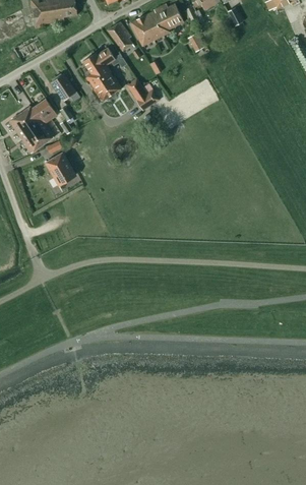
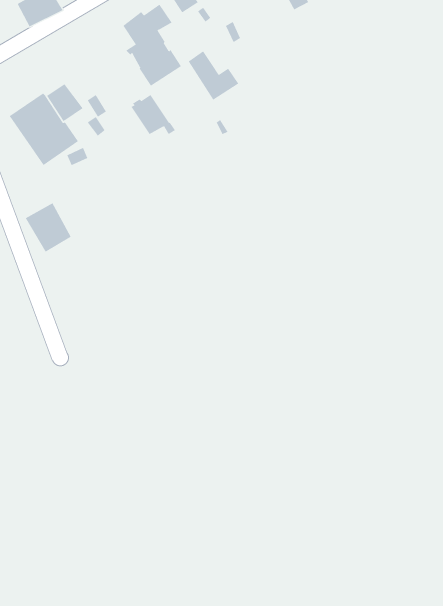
building: [51,73,80,100] -> [131,94,176,135]
building: [45,153,75,185] -> [25,203,71,252]

